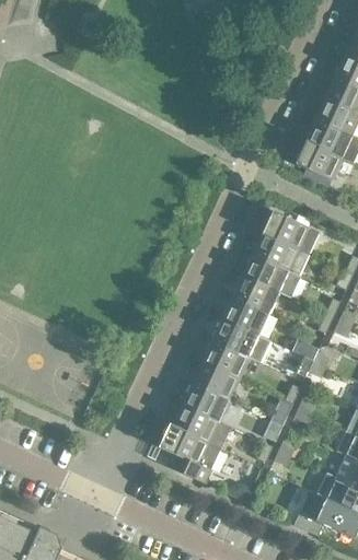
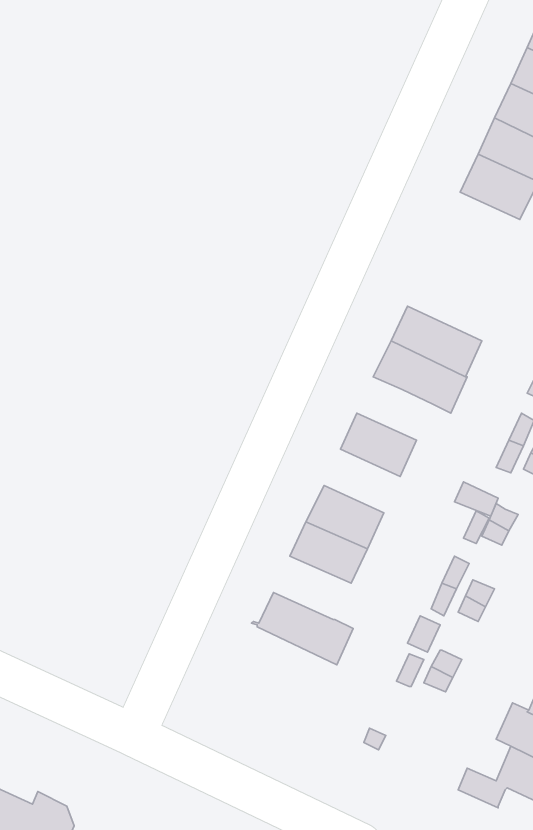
building: [263,209,319,253] -> none
building: [232,275,278,313] -> none
building: [212,318,269,361] -> none
building: [182,383,229,421] -> none
building: [159,423,220,482] -> none

